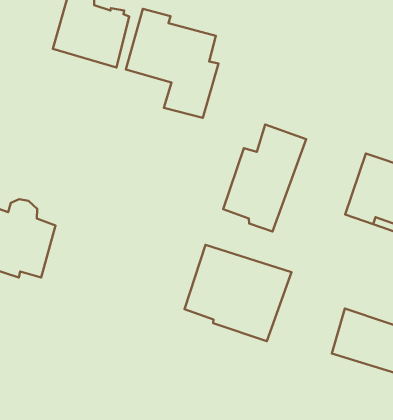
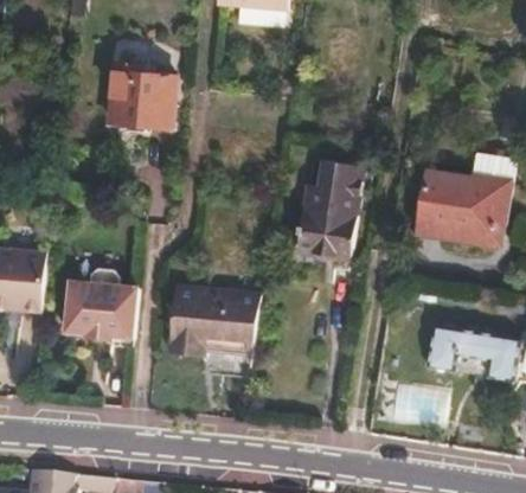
building: [126,9,219,118] -> none
building: [184,245,291,341] -> [166,281,262,363]

